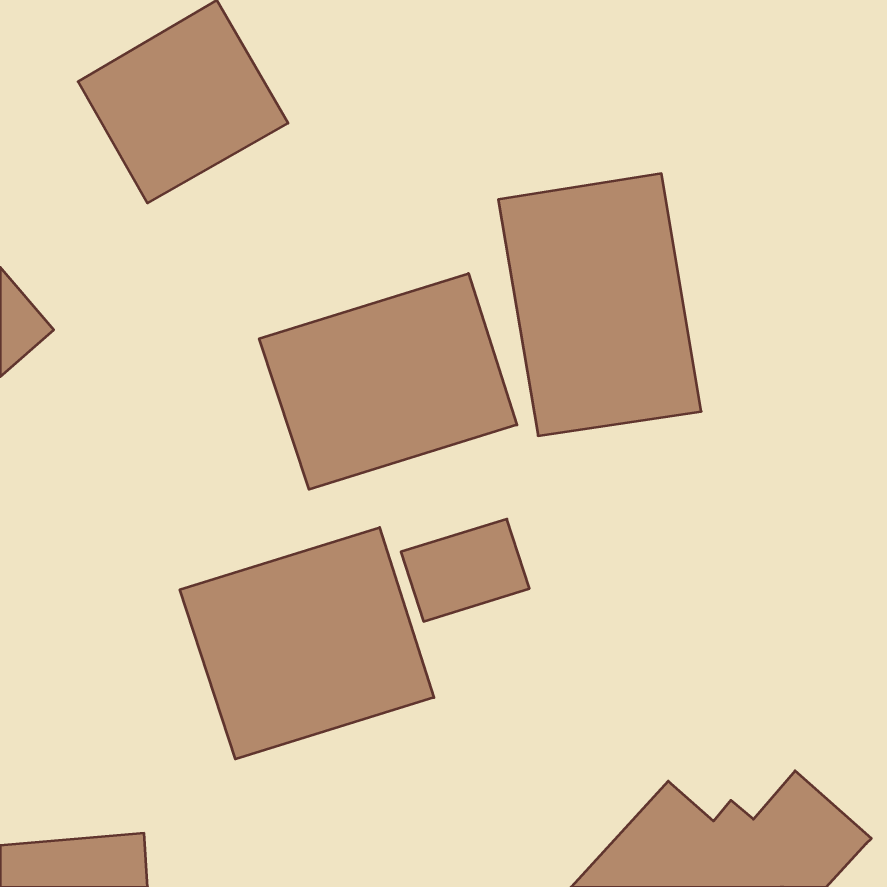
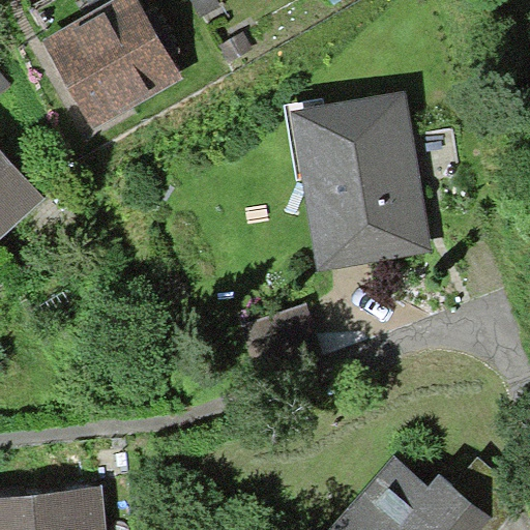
building: [259,273,517,489] -> none
building: [180,527,434,759] -> none

